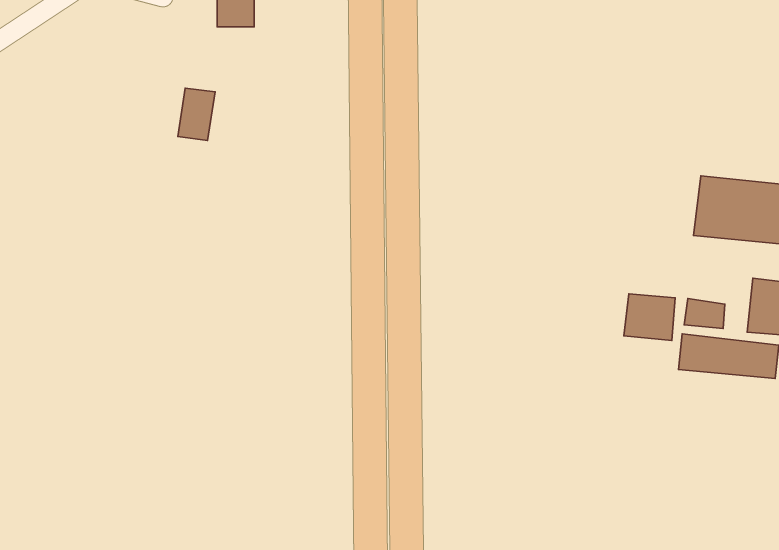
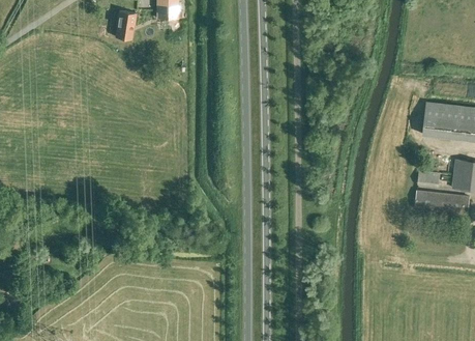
building: [178,88,215,140] -> [114,10,135,39]
building: [624,294,675,340] -> none

